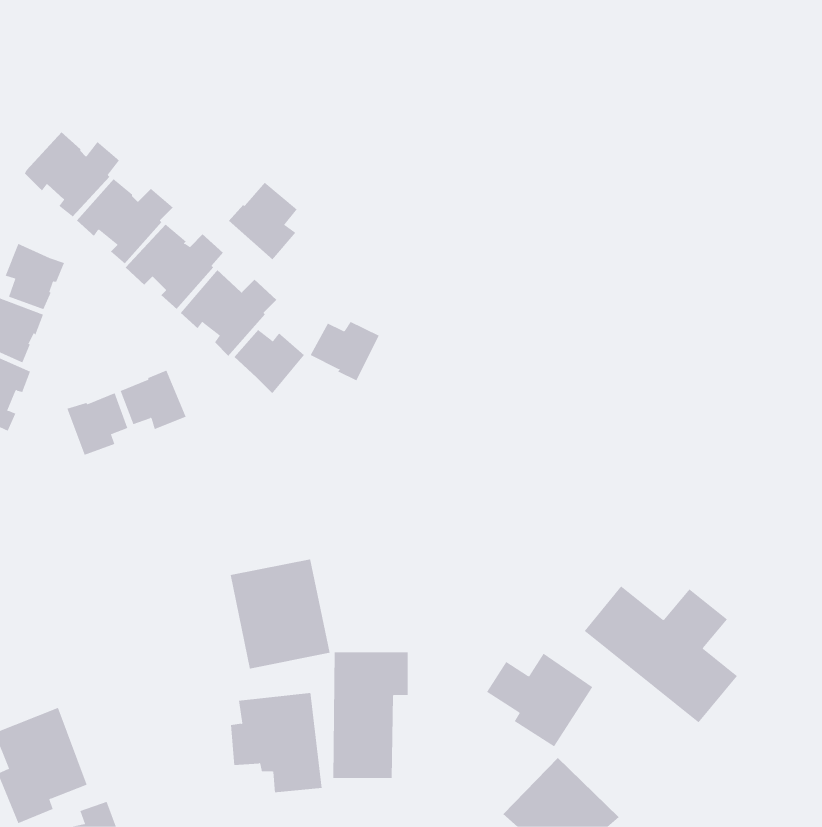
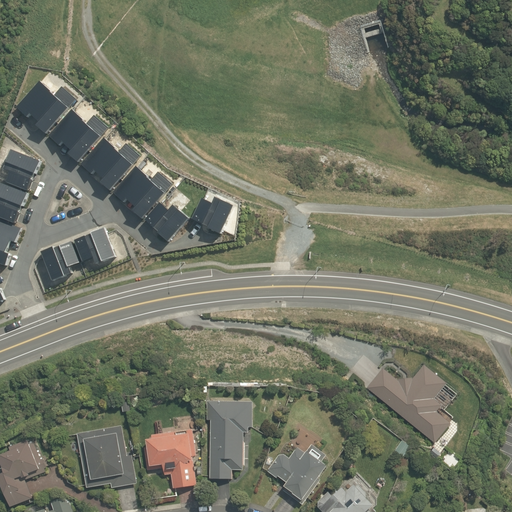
building: [228,182,297,260] -> none
building: [230,559,330,669] -> [73,424,135,492]
building: [486,653,593,747] -> [266,446,332,504]

